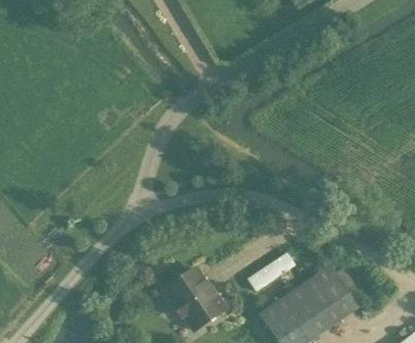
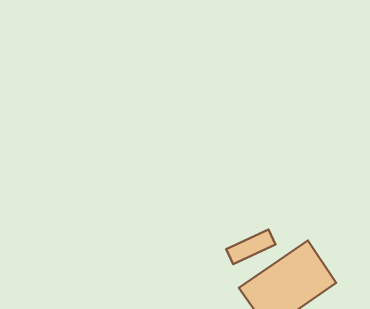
building: [167,267,226,329] -> none

